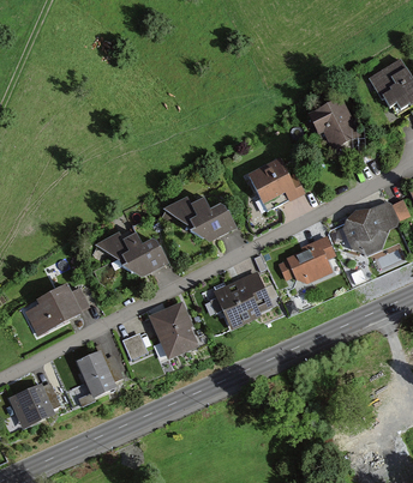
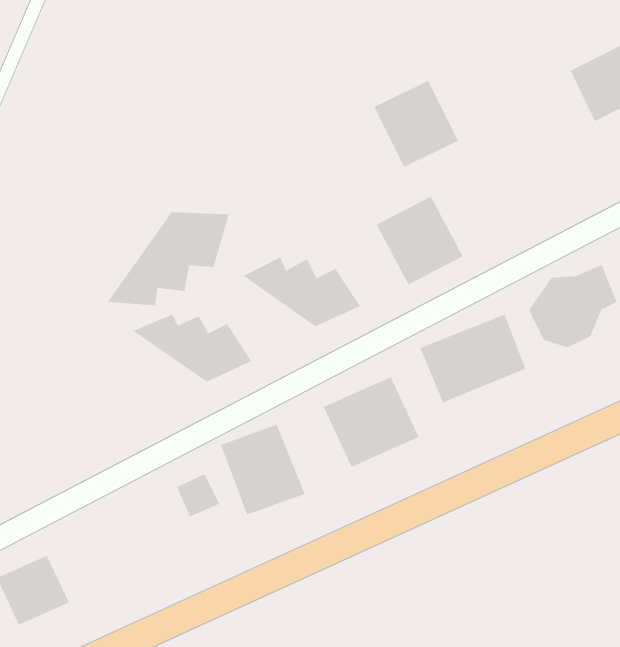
building: [307,97,361,152] -> [373,80,459,168]
building: none -> [107,211,229,306]
building: [20,277,89,334] -> none
building: [70,349,116,407] -> none

